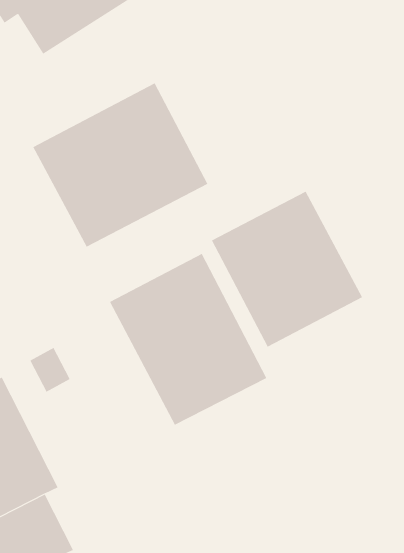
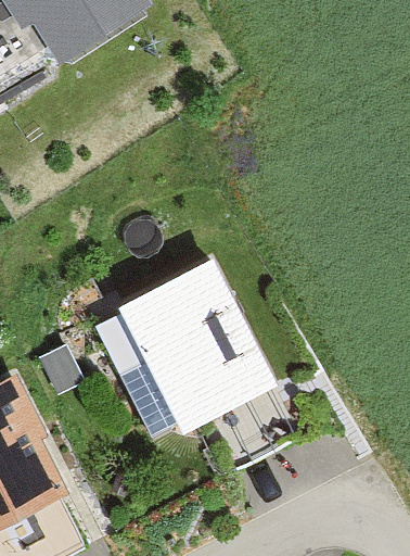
building: [33,82,208,248] -> none
building: [211,191,363,348] -> none

